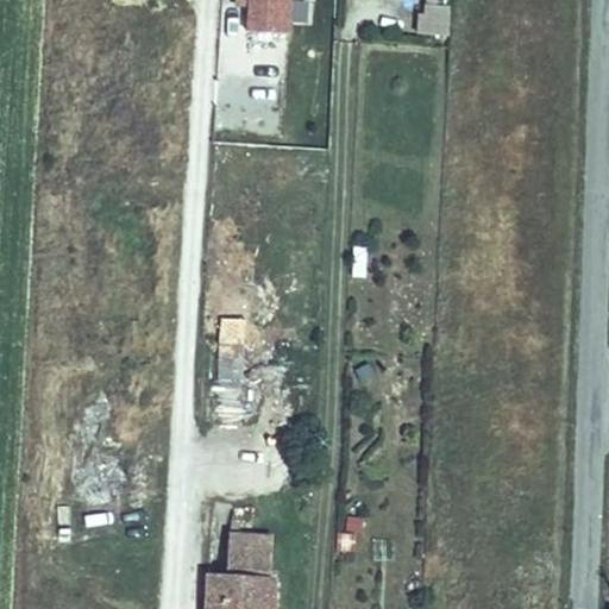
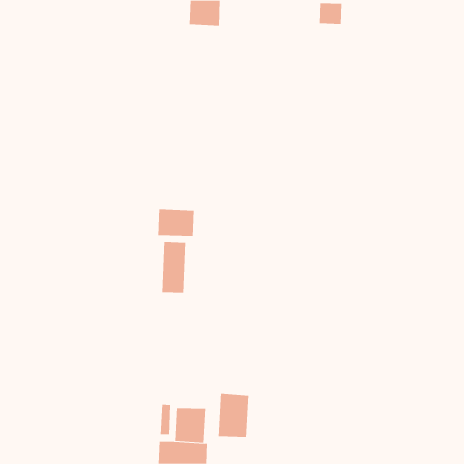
building: none -> [158,208,194,237]
building: none -> [218,393,249,438]

